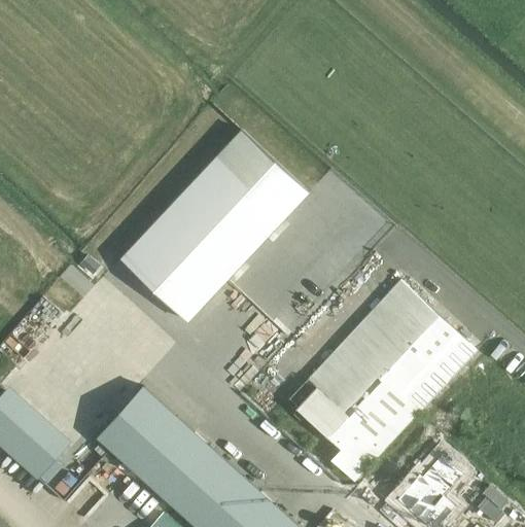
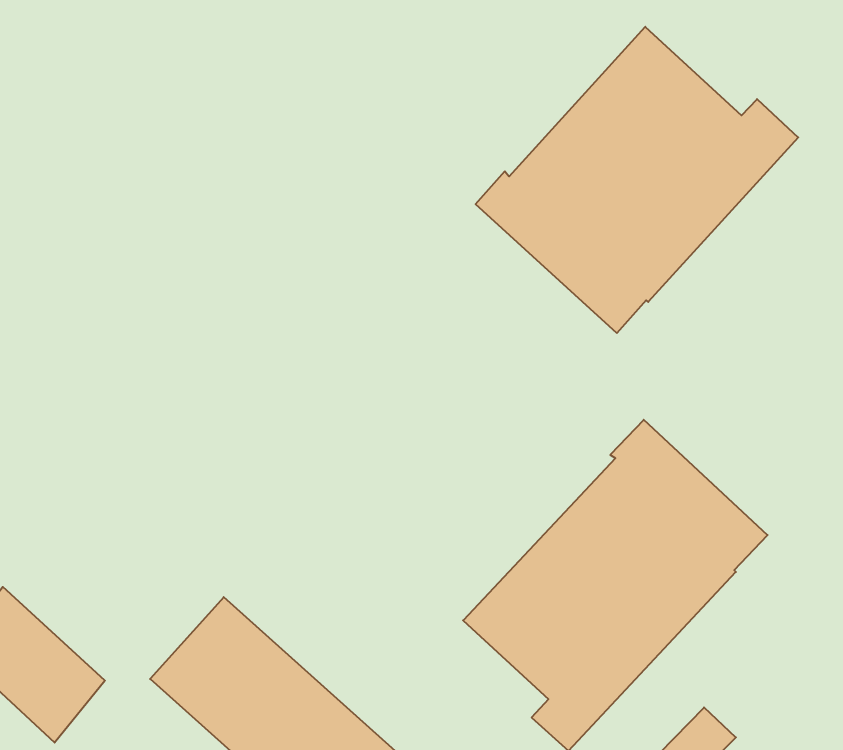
building: none -> [476,27,798,333]
building: [120,129,307,320] -> none

